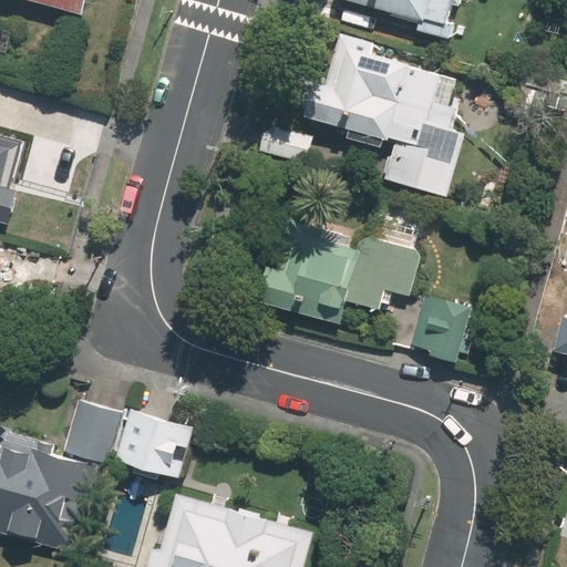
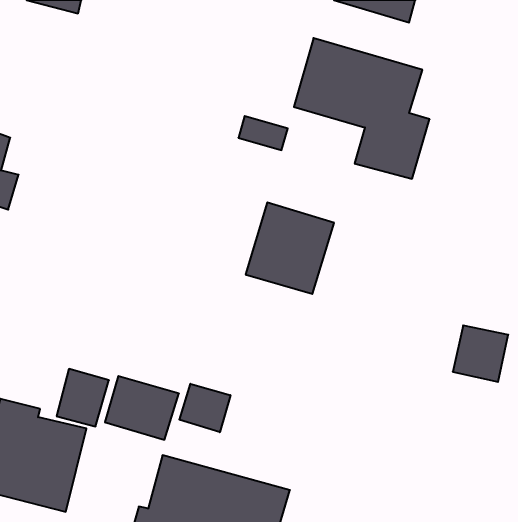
building: [347,237,420,309] -> none
building: [410,296,470,357] -> [453,325,508,382]
building: none -> [179,384,230,432]

